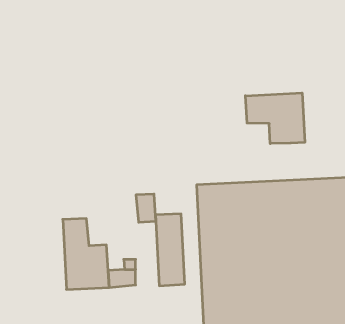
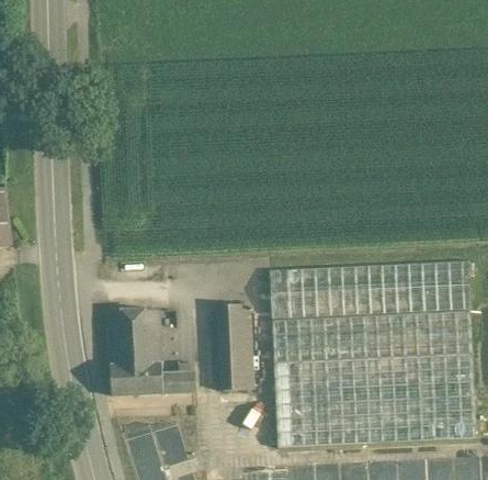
building: [245,93,305,144] -> none
building: [136,194,156,222] -> [136,309,160,343]

